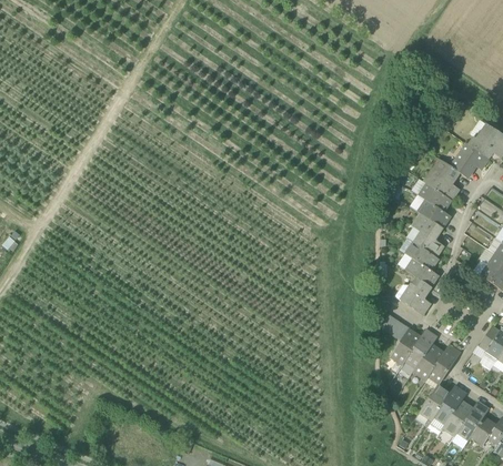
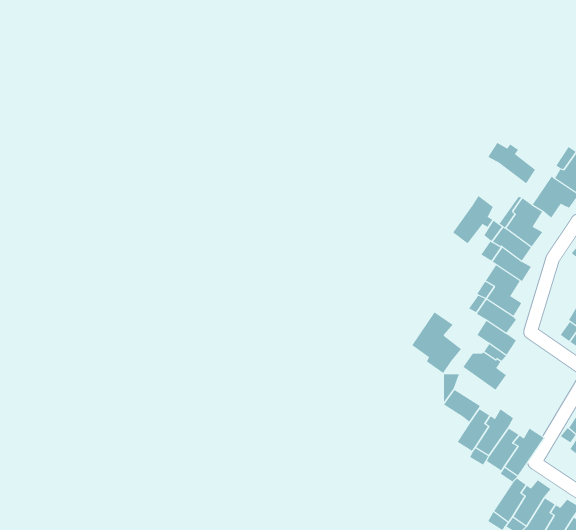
building: none -> [487,142,536,184]
building: none -> [453,195,493,244]
building: none -> [411,311,462,374]

